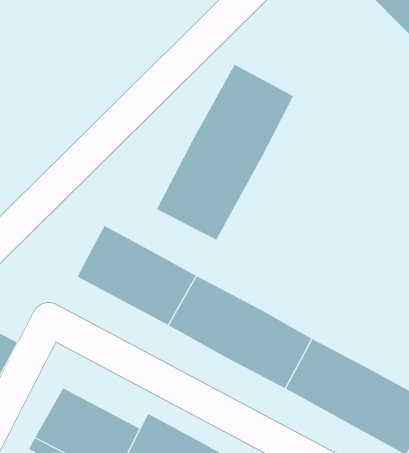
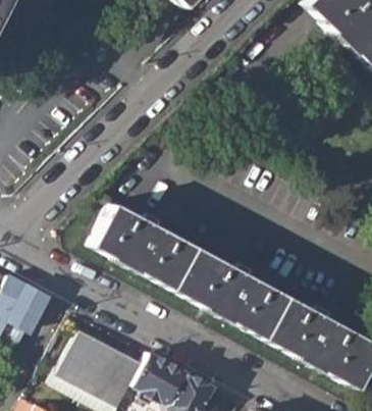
building: [156,64,294,240] -> none

